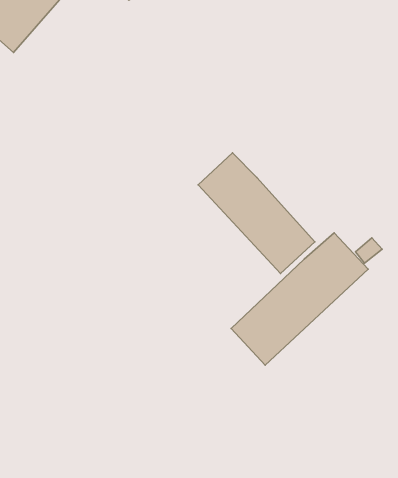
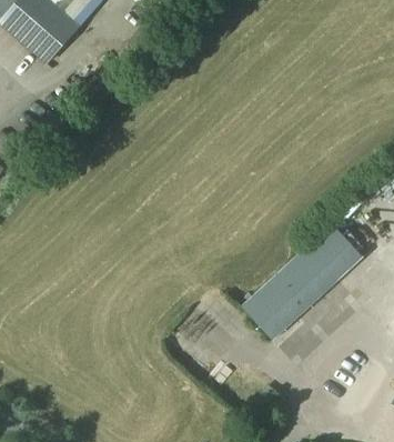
building: [198,153,315,273] -> none

